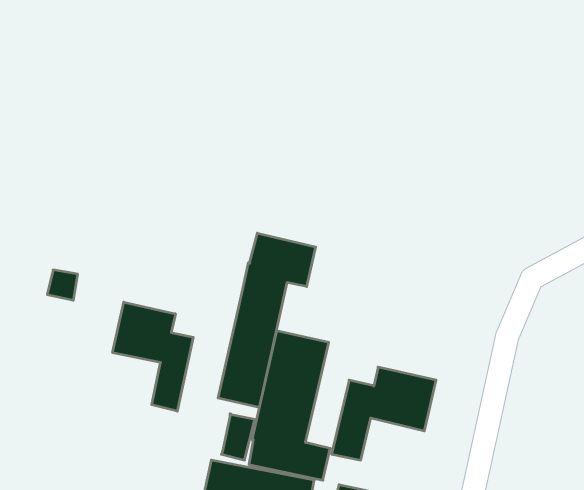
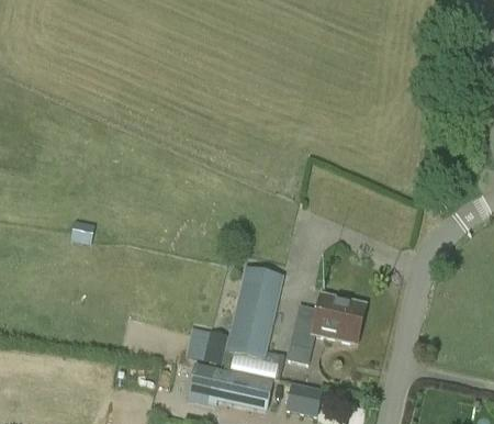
building: [218,233,316,407] -> none
building: [113,302,193,411] -> none

